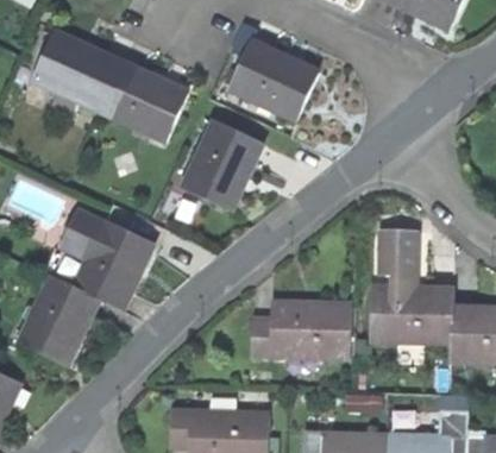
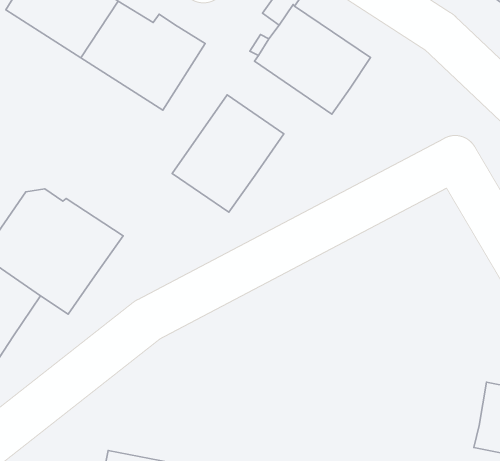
building: [372,232,452,342] -> none
building: [255,304,356,358] -> none

